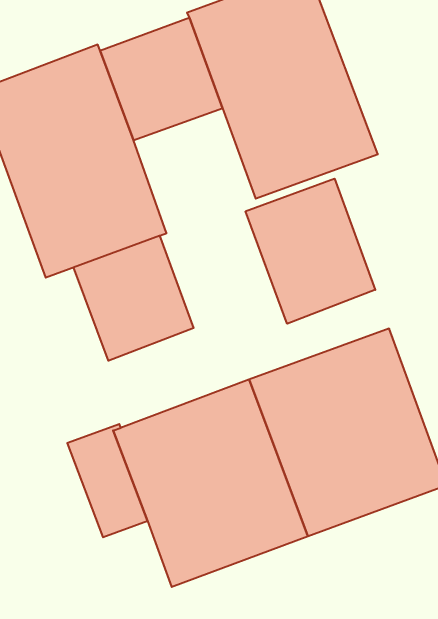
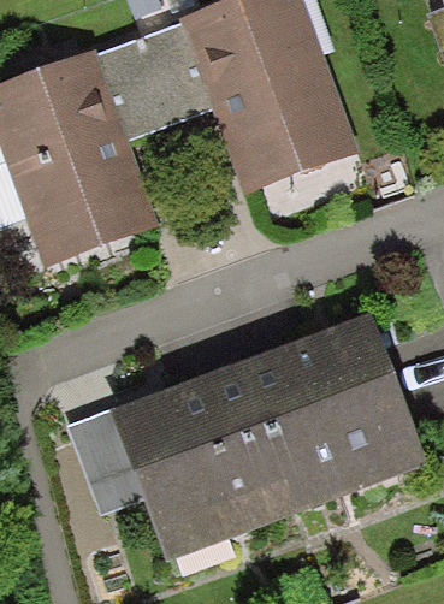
building: [246,179,375,324] -> none
building: [74,236,194,361] -> none

